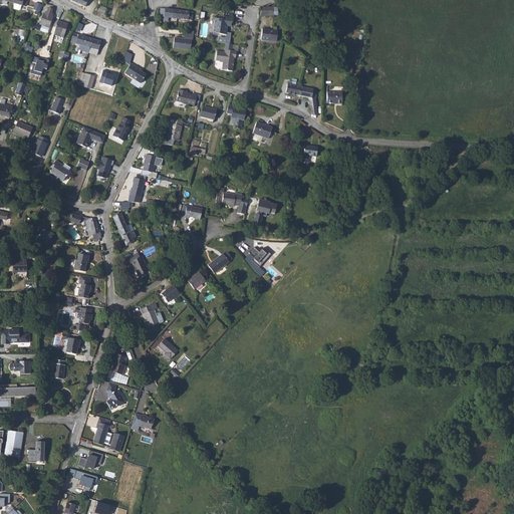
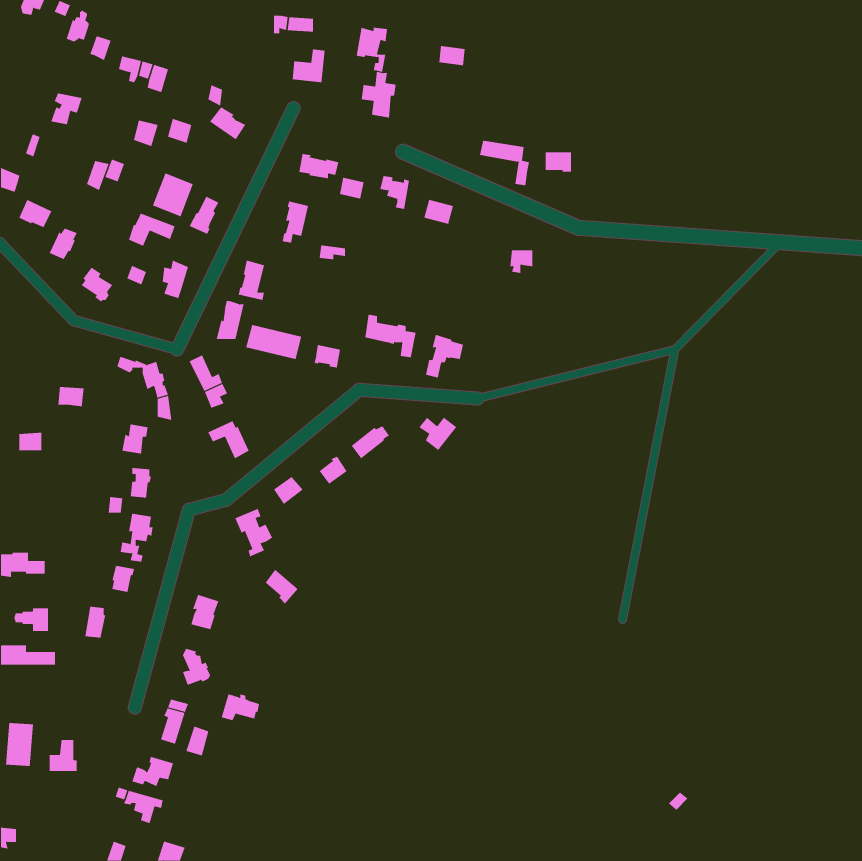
building: none -> [152,173,194,217]
building: none -> [246,324,302,360]

